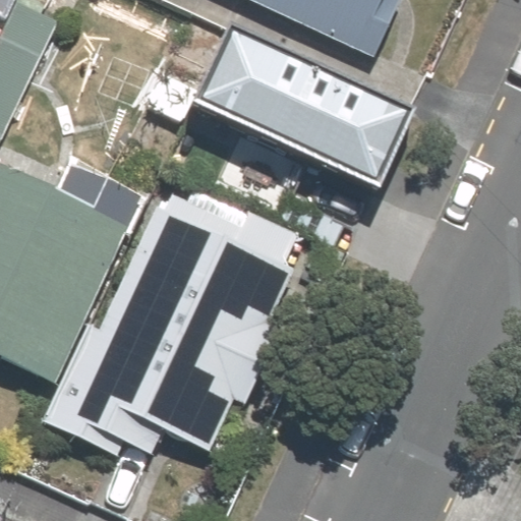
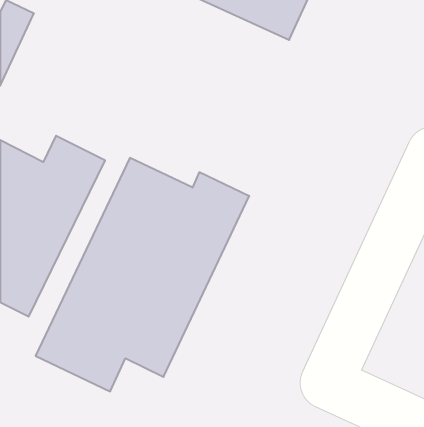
building: [188,27,403,187] -> none

